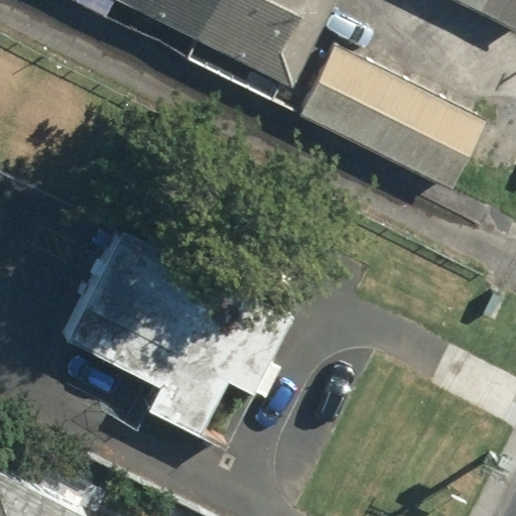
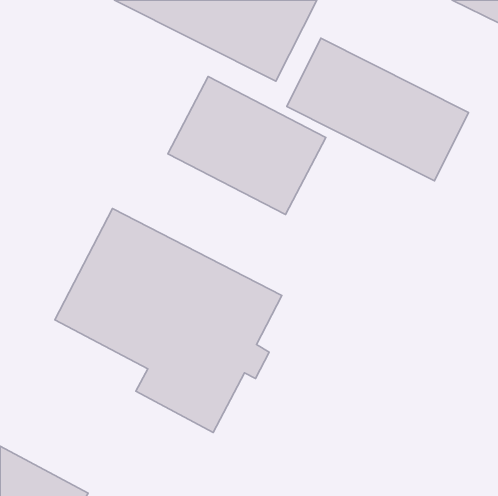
building: none -> [168,77,326,215]

